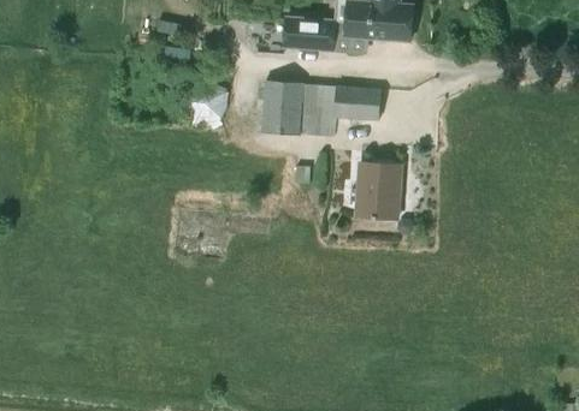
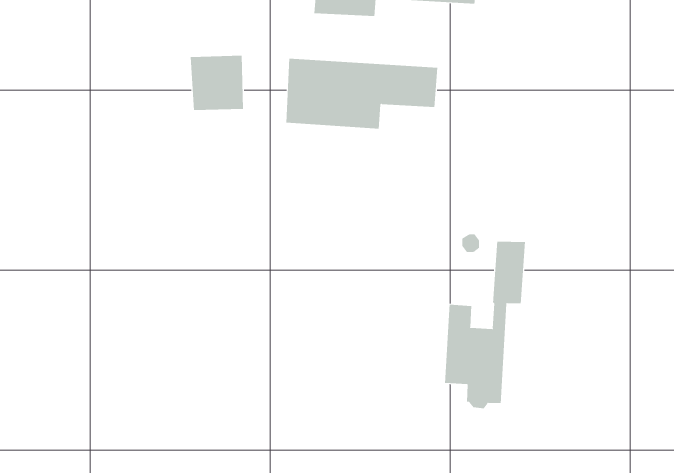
building: [351,162,402,219] -> none
building: none -> [444,241,525,409]

